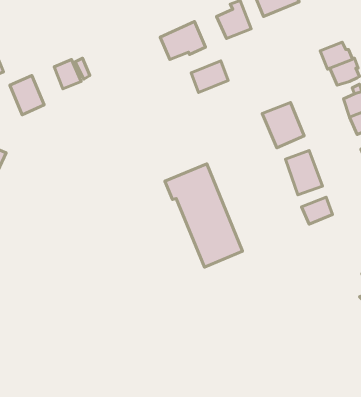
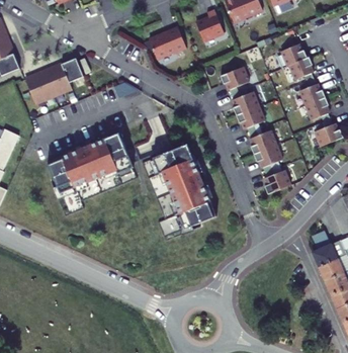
building: [191,61,228,93] -> [222,67,252,93]
building: none -> [42,63,71,94]
building: none -> [47,130,134,192]

